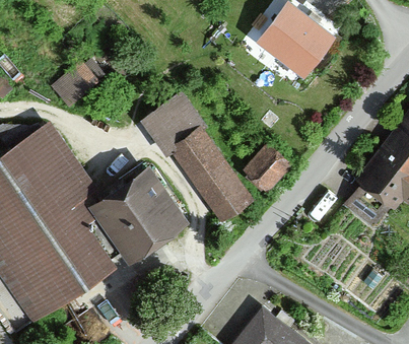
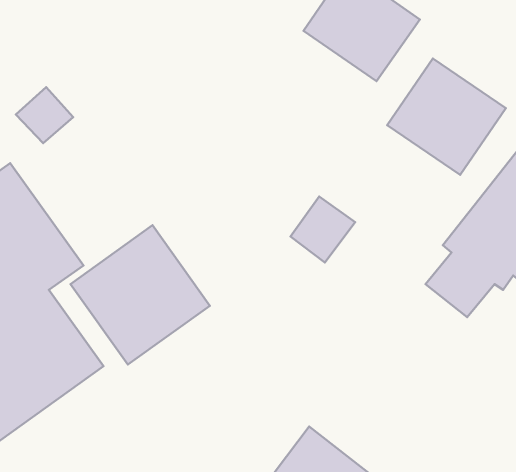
building: none -> [387,58,506,175]
building: [142,95,251,224] -> none

